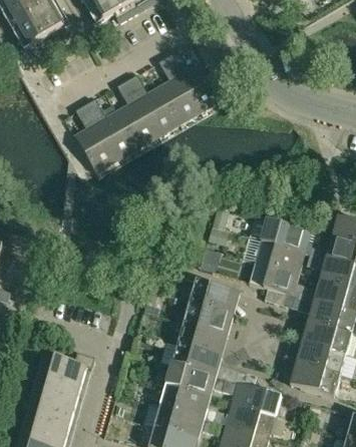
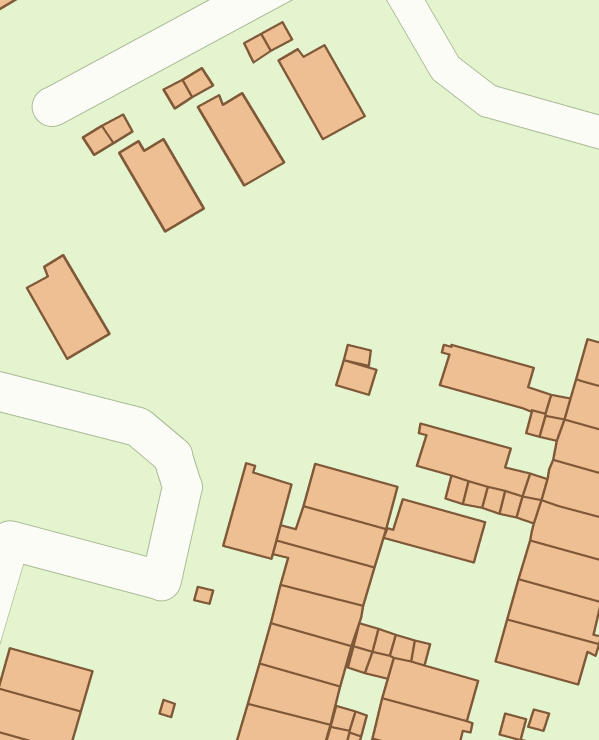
building: [158,70,201,123] -> none
building: [117,94,159,147] -> none
building: [75,118,118,172] -> [27,255,109,359]
building: [252,240,305,273] -> [384,499,485,563]
building: none -> [223,463,291,559]
building: [37,356,95,389] -> none

